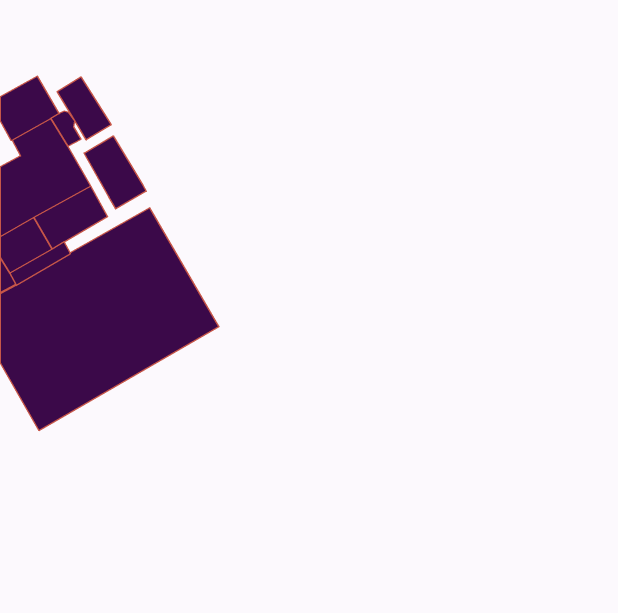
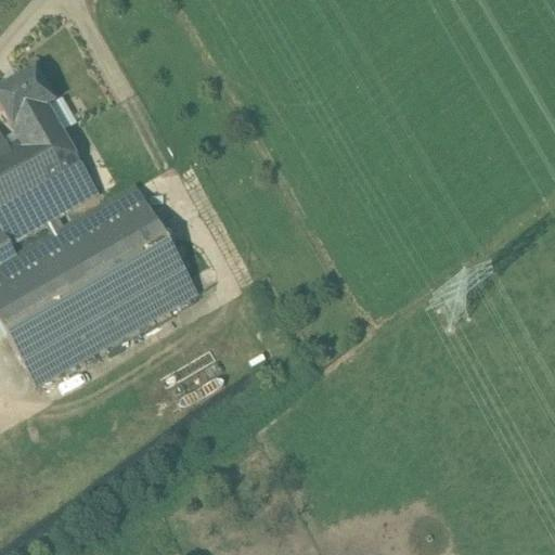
building: [57,77,111,140] -> none
building: [84,136,146,209] -> none

